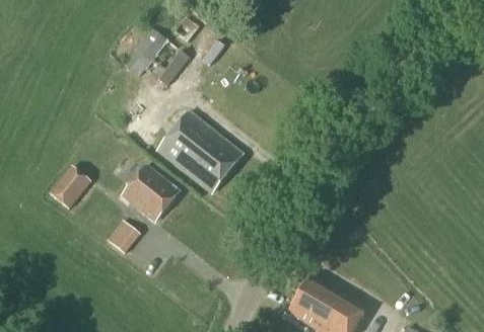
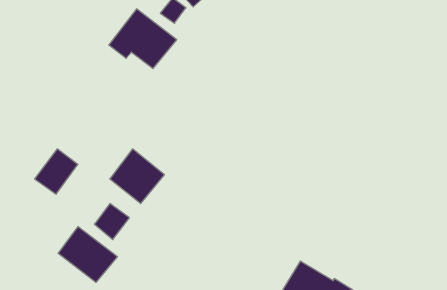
building: [157,111,243,192] -> none
building: none -> [58,227,117,282]

